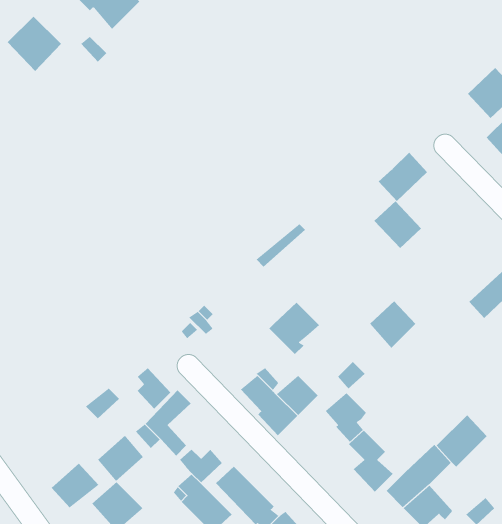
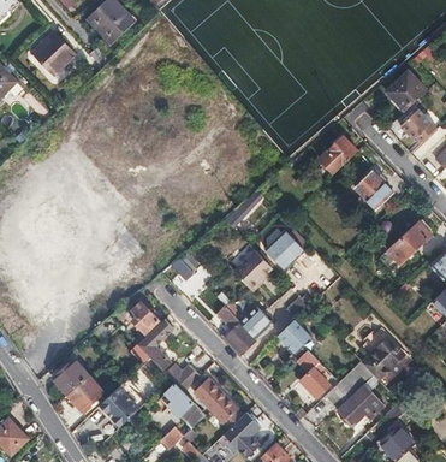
building: [373,200,422,249] -> [355,172,392,209]
building: [369,300,416,349] -> [270,237,307,274]
building: [97,435,144,482] -> [52,359,88,395]

